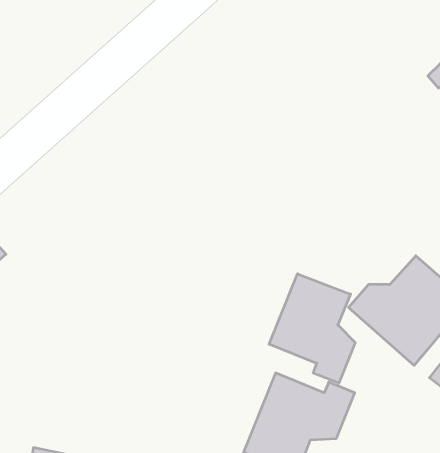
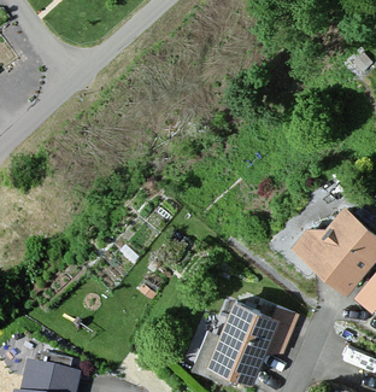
building: [269,274,355,383] -> none

